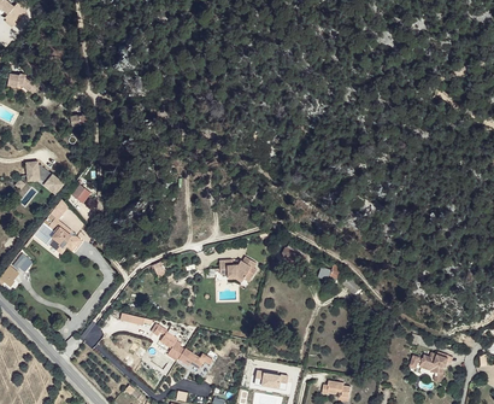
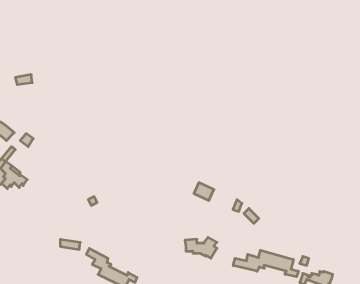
building: [217,257,255,282] -> [185,237,217,258]
building: none -> [233,250,298,277]

